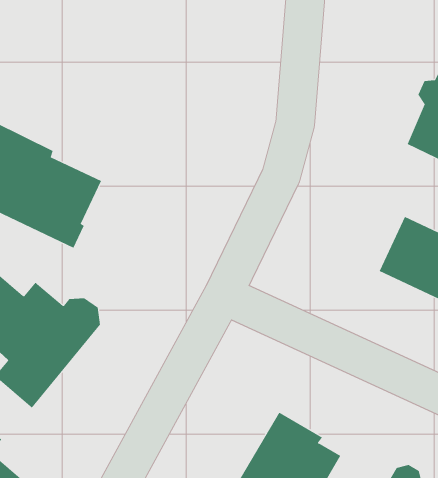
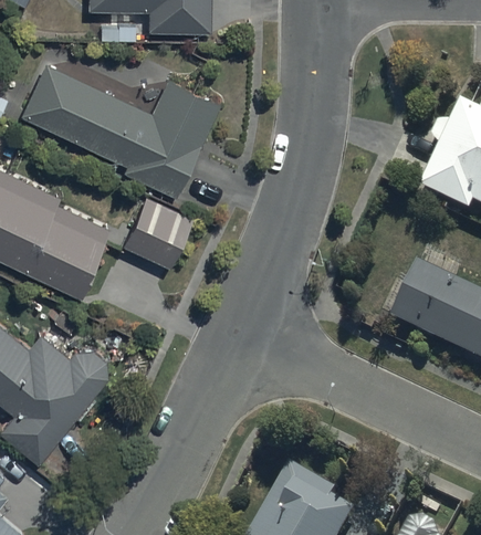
building: none -> [22,64,219,196]
building: none -> [124,196,192,266]

